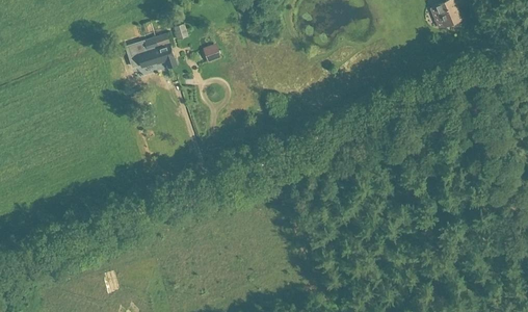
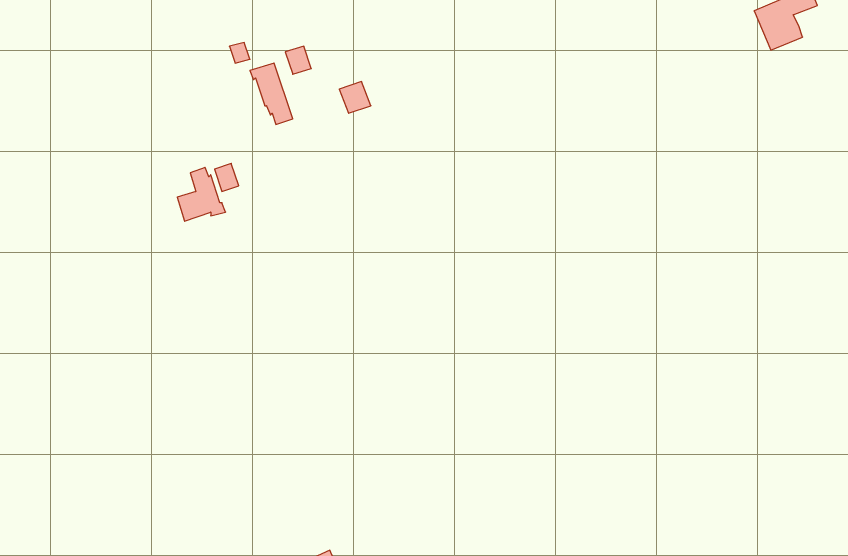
building: [134,40,161,70] -> [177,167,226,221]

